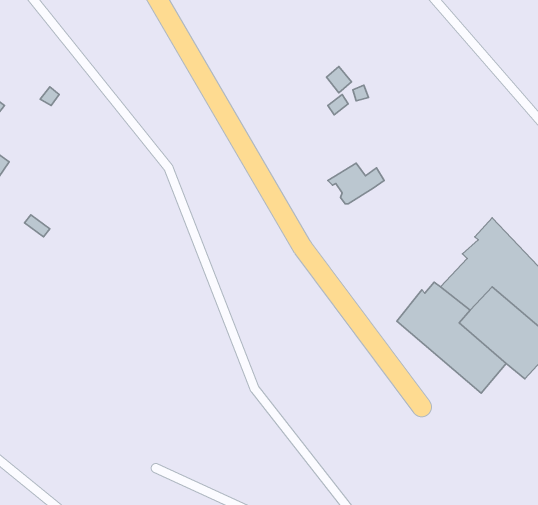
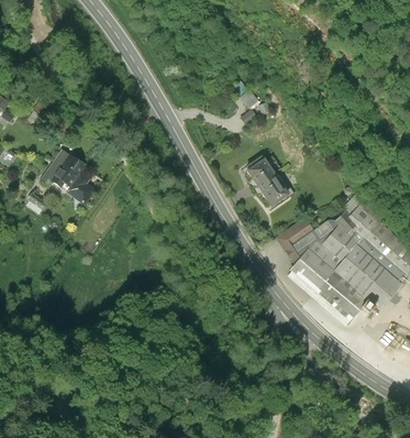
building: none -> [43,152,93,202]
building: none -> [255,175,287,206]
building: none -> [278,219,340,262]

